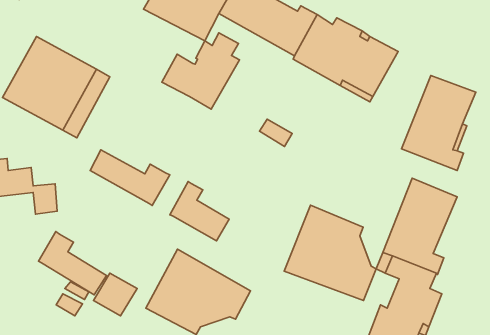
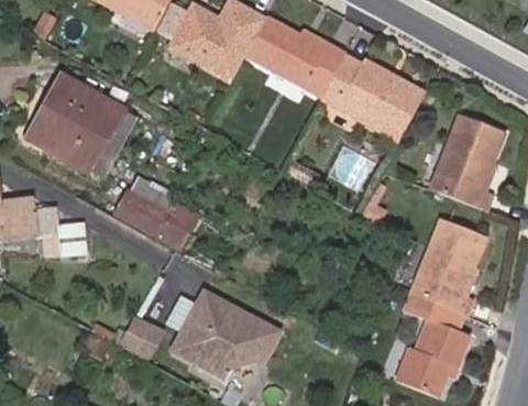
building: [162,33,240,109] -> none
building: [170,181,229,241] -> none
building: [284,205,376,301] -> none
building: [38,232,107,295] -> none

